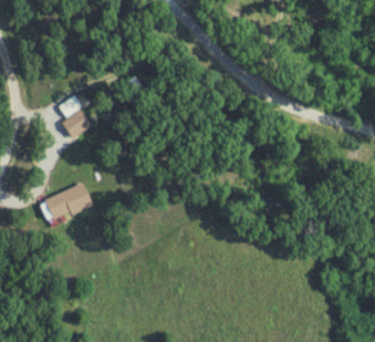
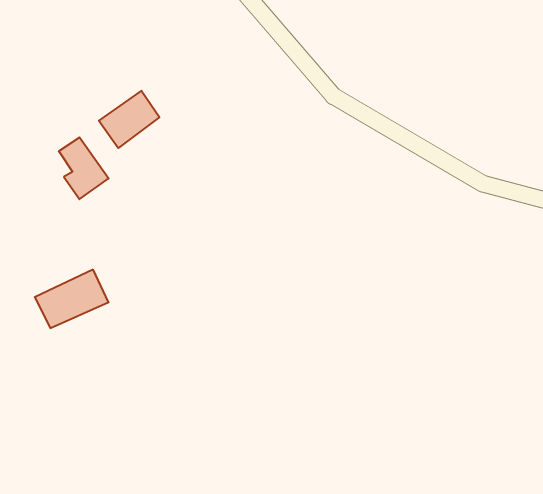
building: none -> [99,91,159,148]

